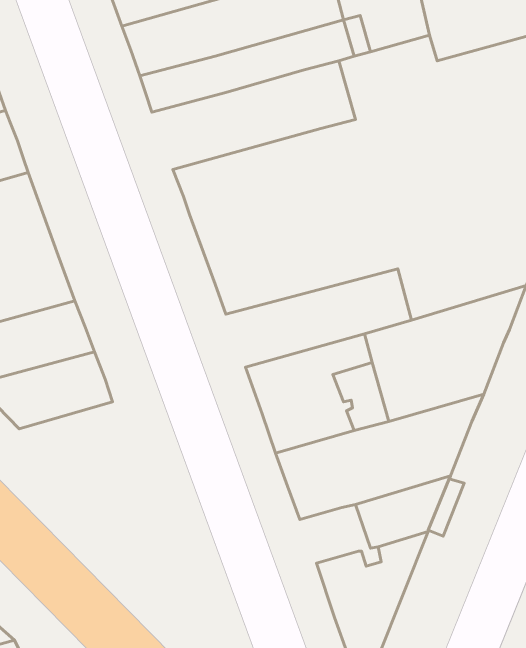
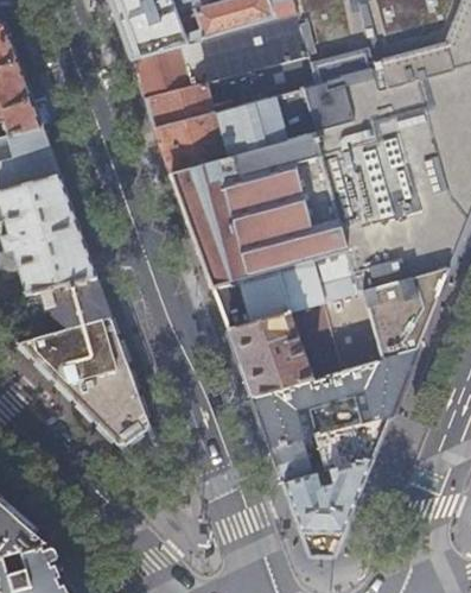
building: none -> [154,93,287,171]
building: none -> [212,250,358,327]
building: none -> [50,354,155,458]
building: none -> [270,437,317,481]

